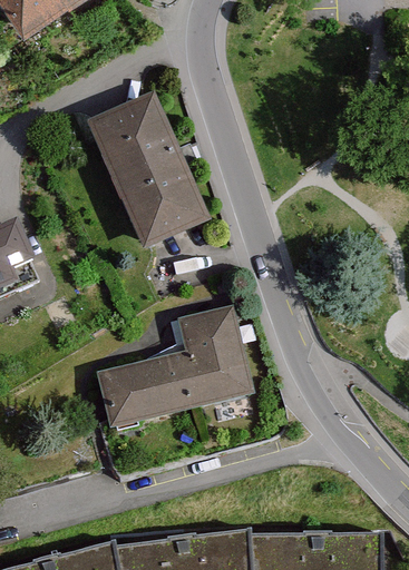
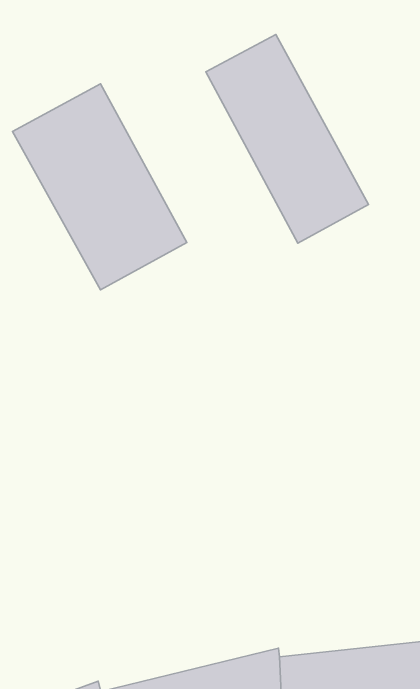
building: none -> [206,34,369,243]
building: [95,307,254,424] -> none

